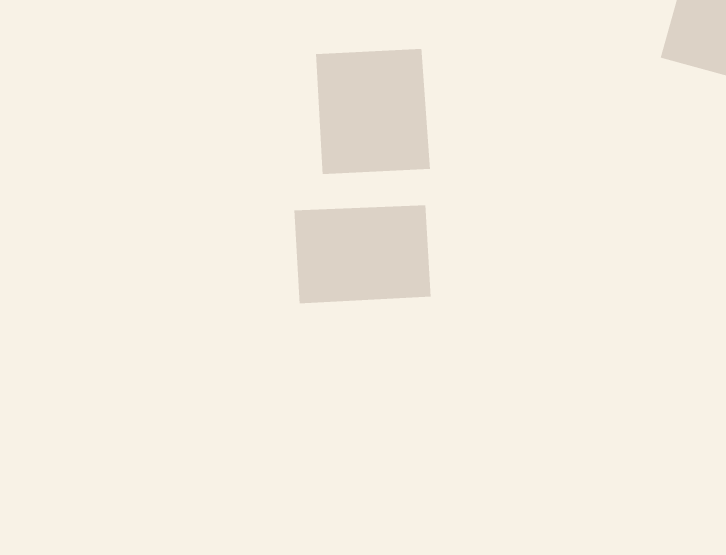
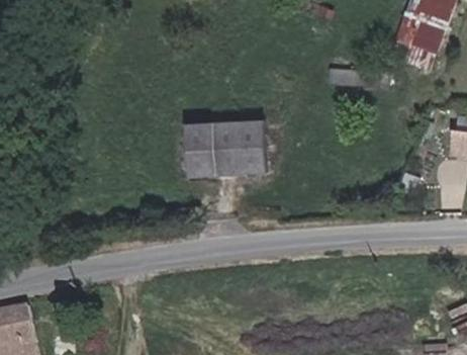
building: [316,48,430,175] -> none

